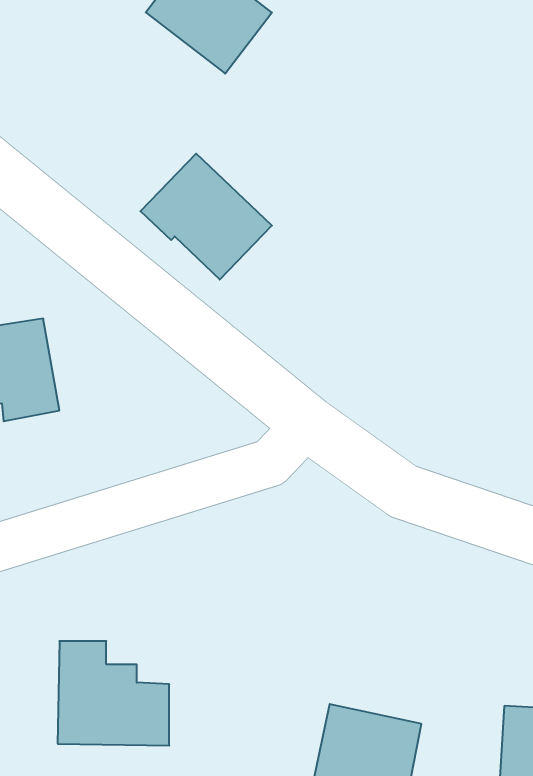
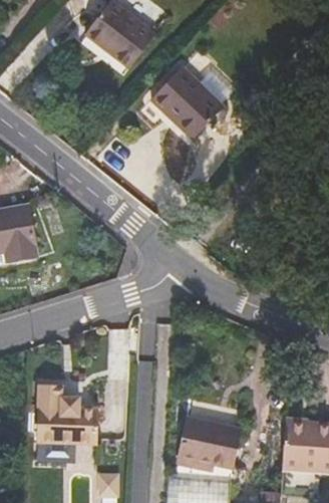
building: [140,154,272,280] -> [150,66,224,137]

